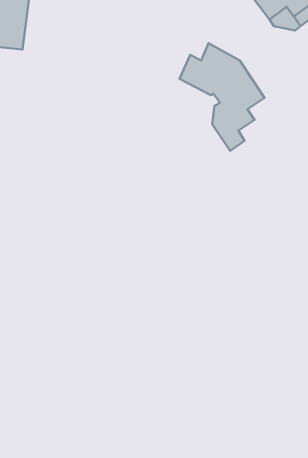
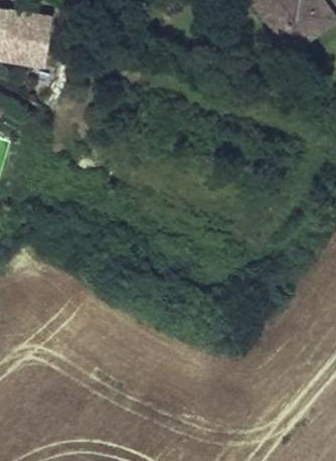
building: [179,43,265,151] -> none

